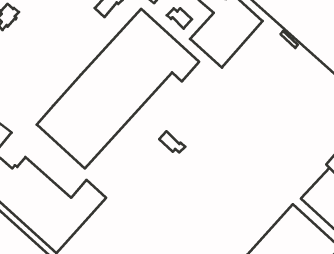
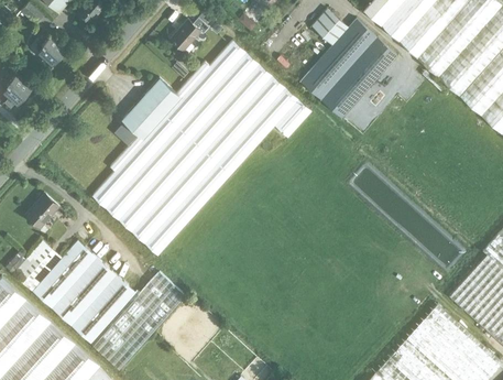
building: [167,8,192,29] -> none
building: none -> [110,63,209,172]
building: [159,131,185,152] -> none

